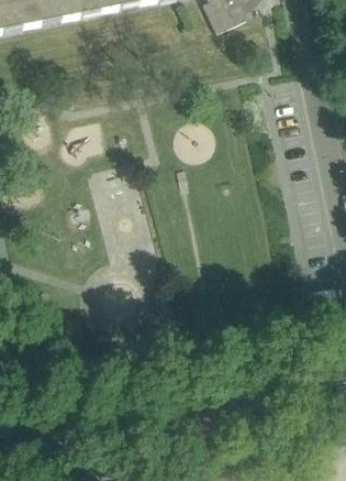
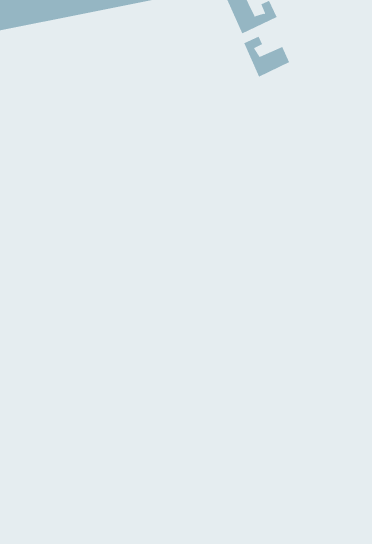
building: none -> [244,36,290,77]

